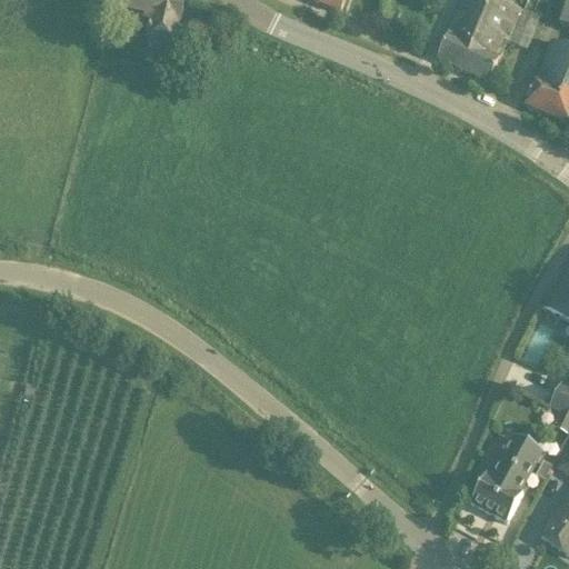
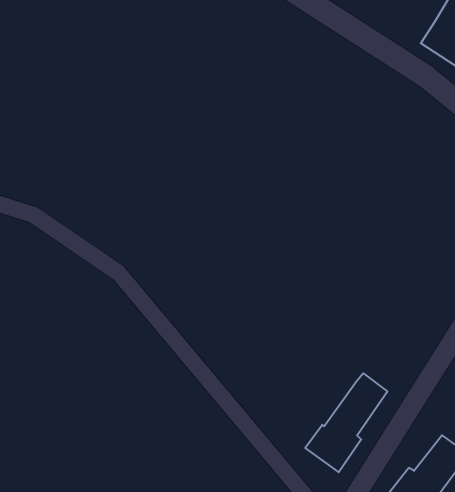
building: none -> [305,373,387,472]

